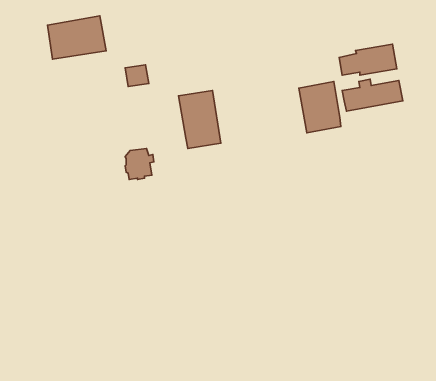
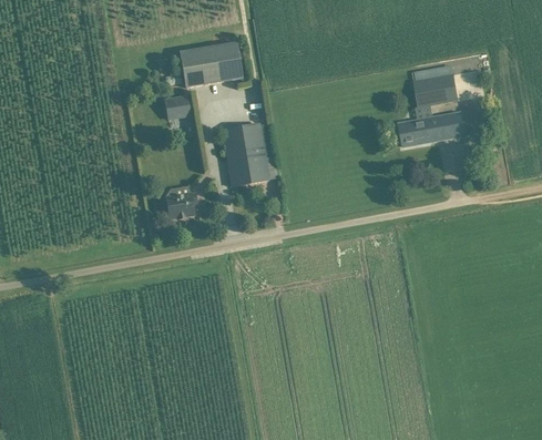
building: [47,16,106,59] -> [180,41,243,88]
building: [299,81,341,133] -> none

